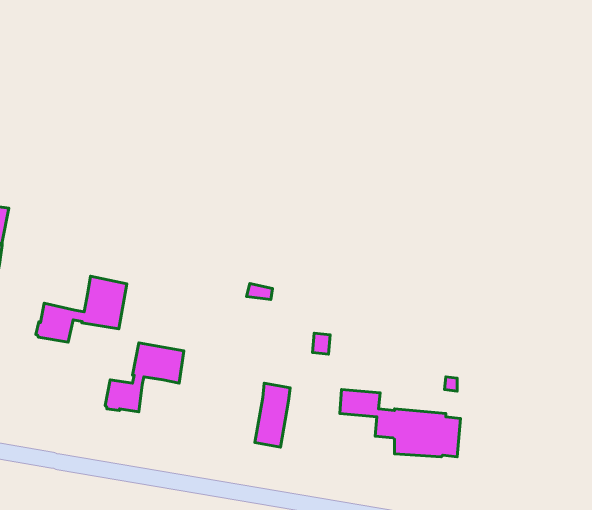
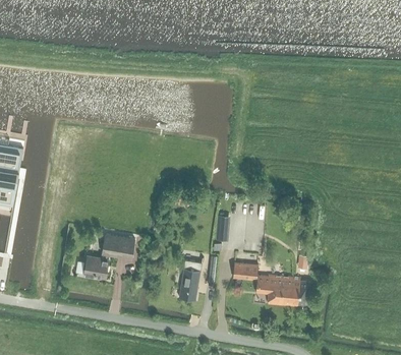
building: [36,276,127,342] -> none

